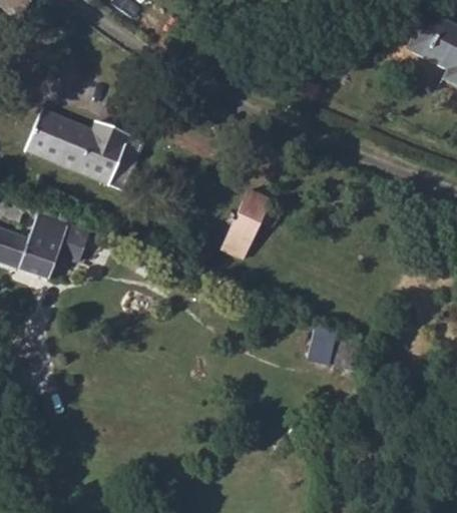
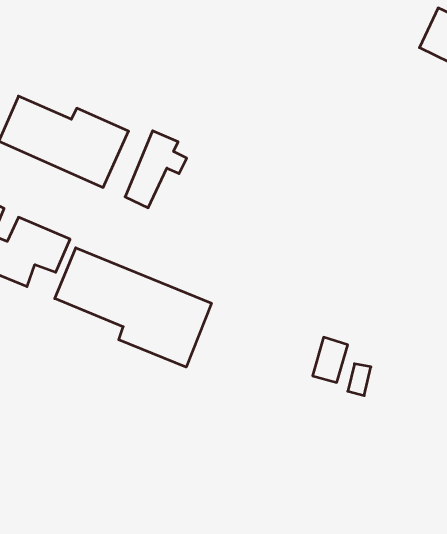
building: [220,187,277,258] -> [125,131,187,208]
building: none -> [55,248,211,367]

